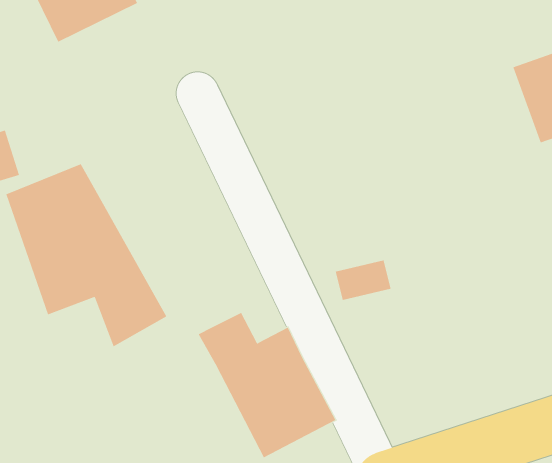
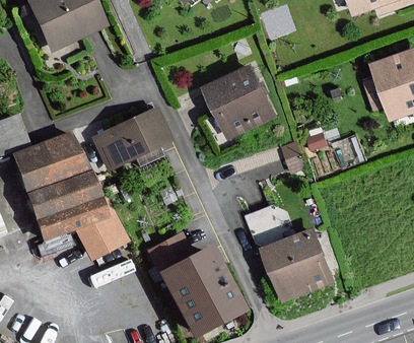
building: none -> [203,66,271,138]
building: none -> [94,110,169,169]
building: none -> [260,229,329,300]

